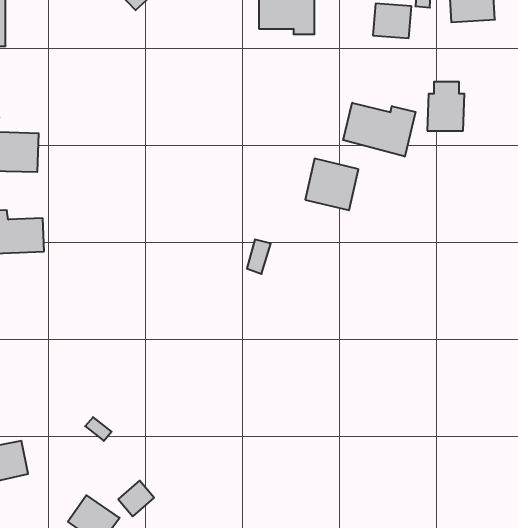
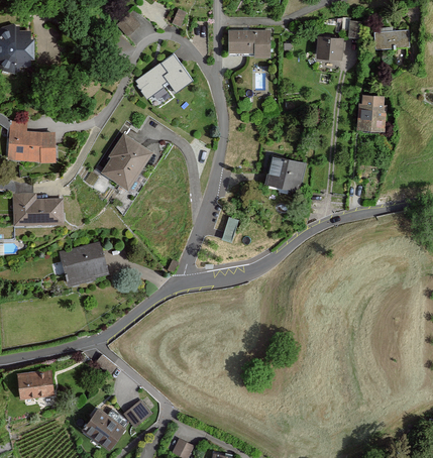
building: none -> [133,53,195,101]
building: [343,103,416,157] -> none
building: none -> [104,133,157,193]
building: none -> [60,240,111,288]

